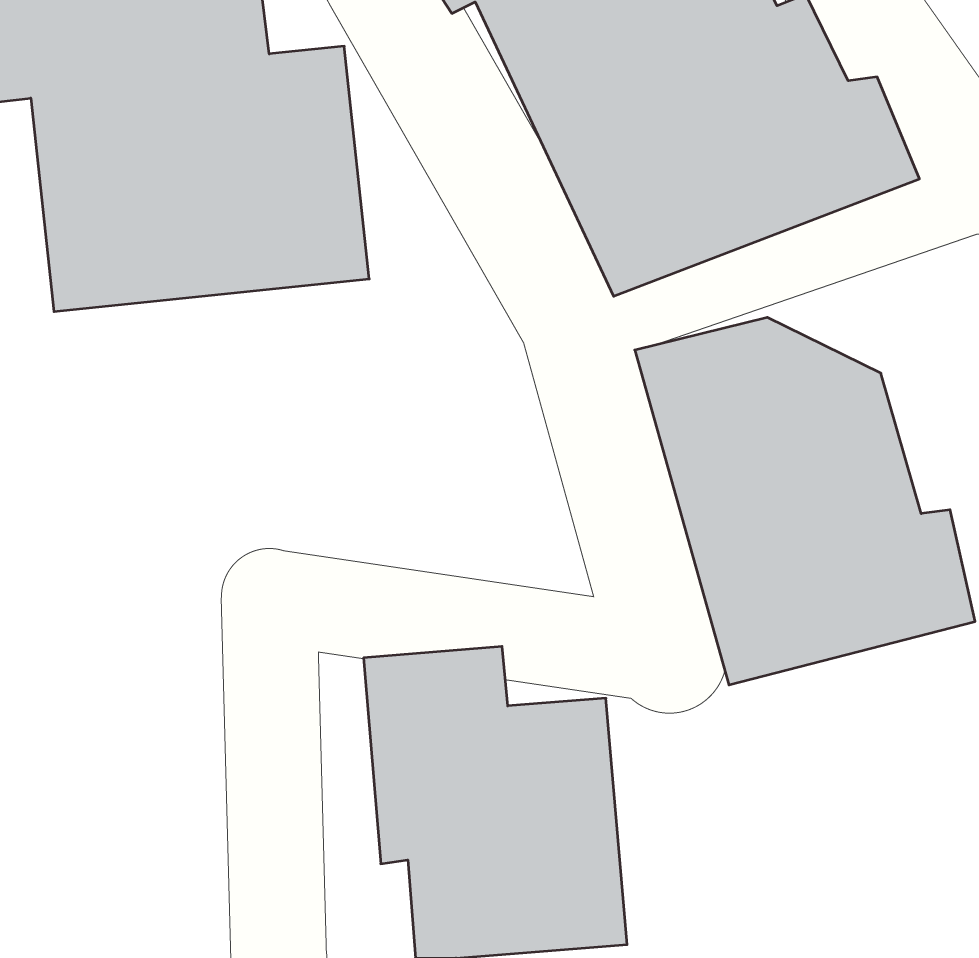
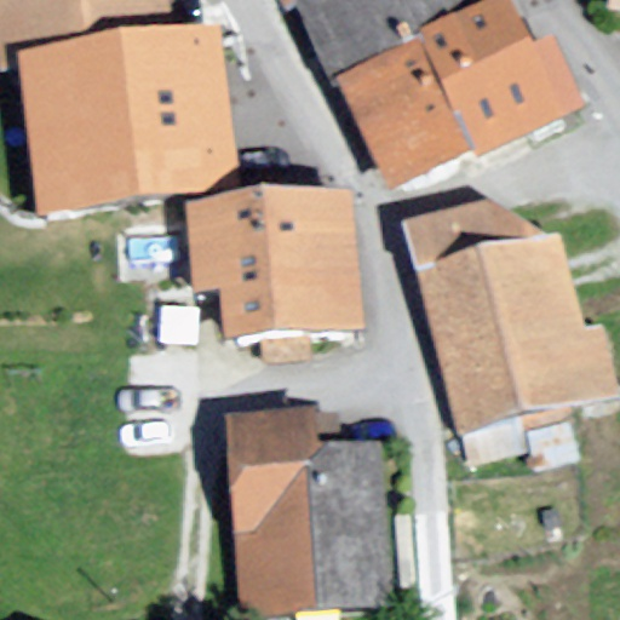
building: none -> [188,193,357,338]

